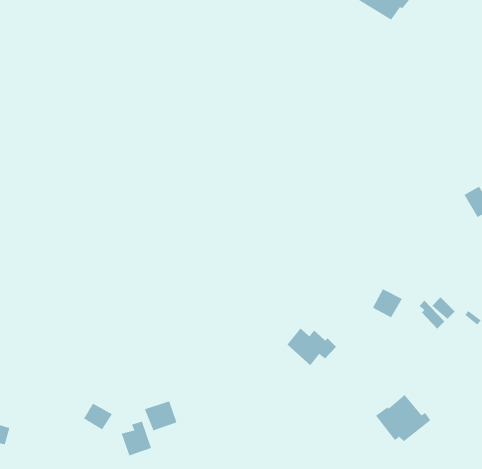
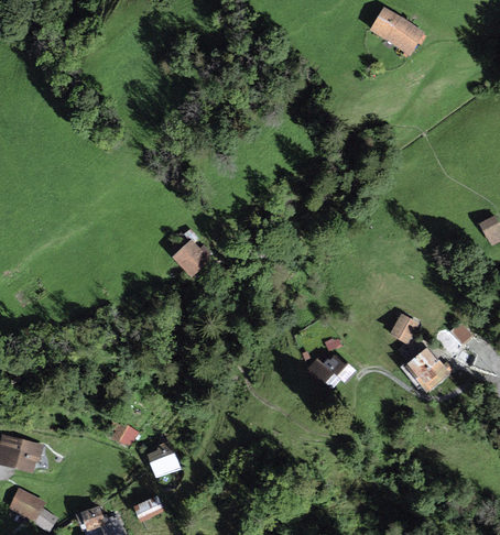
building: none -> [172,239,211,277]
building: [375,394,431,442] -> [399,345,453,391]
building: [144,400,177,431] -> none

